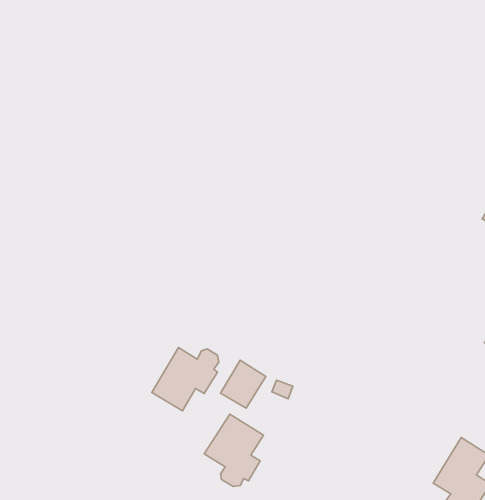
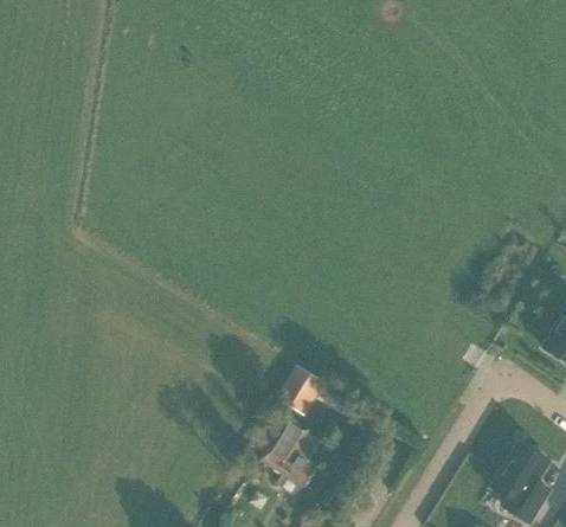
building: [152,347,219,411] -> none

